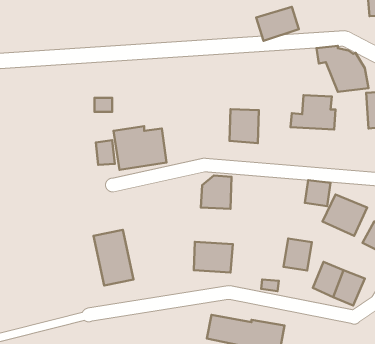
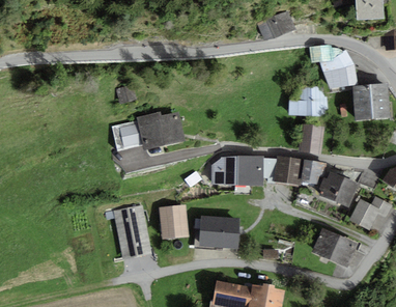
building: [229,109,259,143] -> [234,159,260,189]
building: none -> [298,125,323,155]
building: none -> [161,205,187,235]
building: [284,239,312,270] -> [274,159,299,187]

